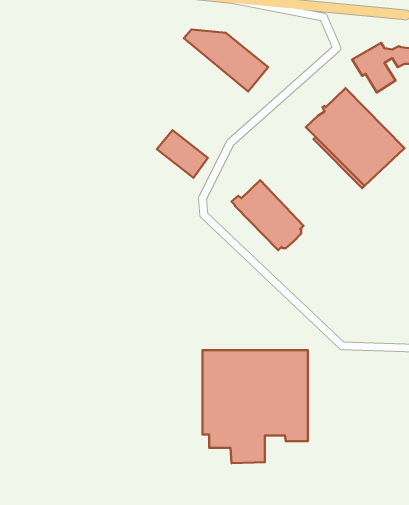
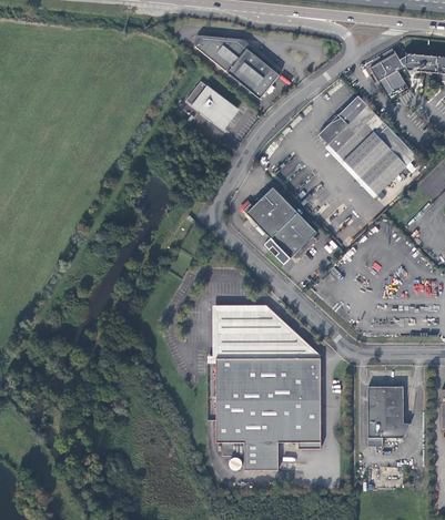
building: [157,130,208,178] -> [184,78,235,125]
building: none -> [206,304,320,358]
building: none -> [366,385,408,445]

